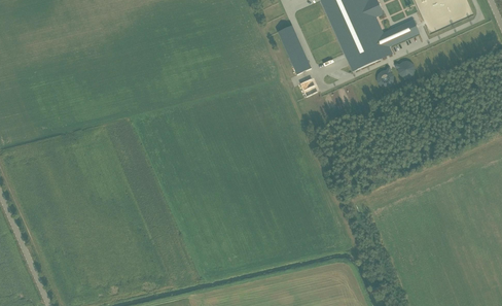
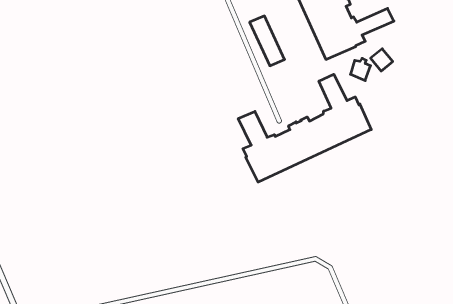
building: none -> [238,74,371,182]

